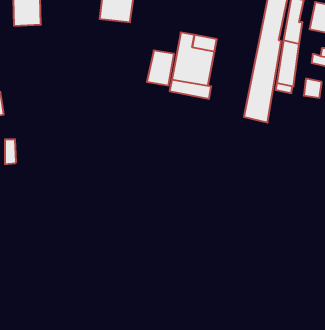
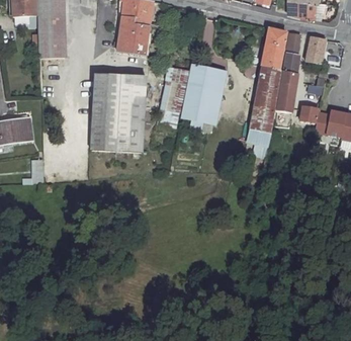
building: none -> [91,73,146,151]

